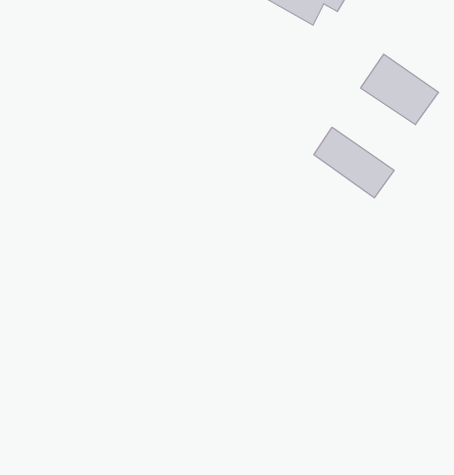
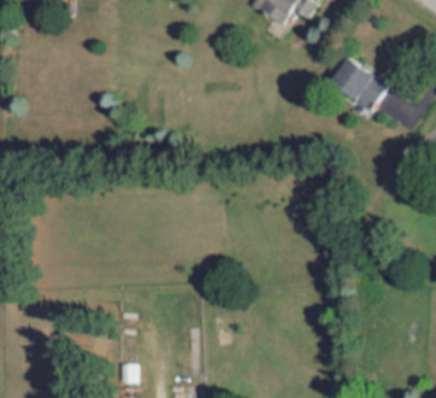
building: [314,127,394,198] -> none

